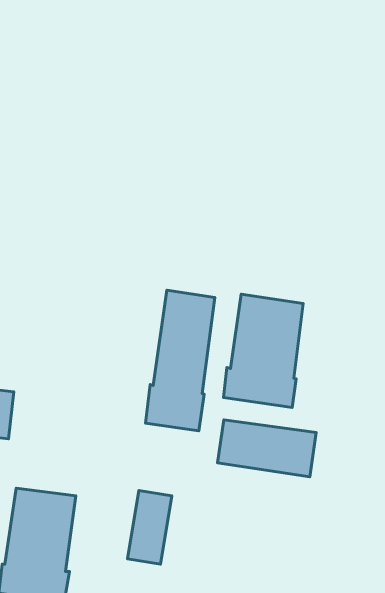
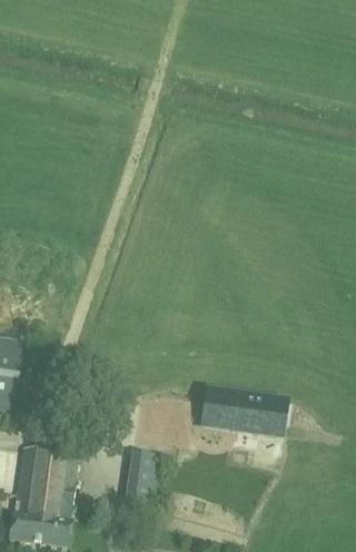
building: [145,290,215,431] -> none
building: [223,294,303,407] -> none

